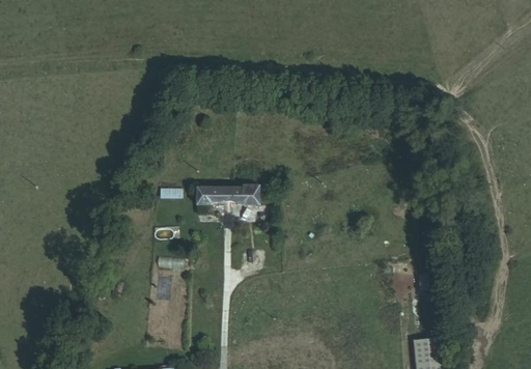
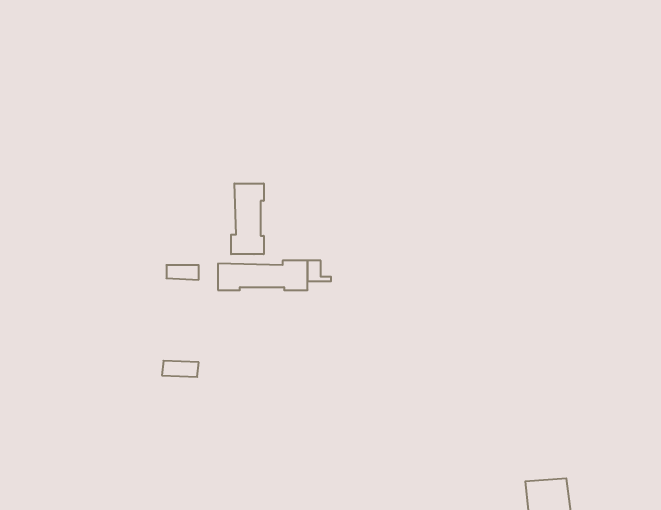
building: none -> [231,183,264,254]

